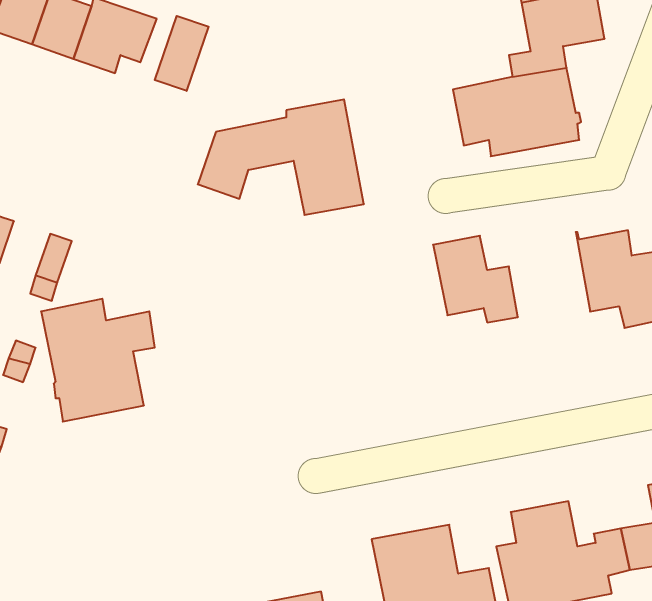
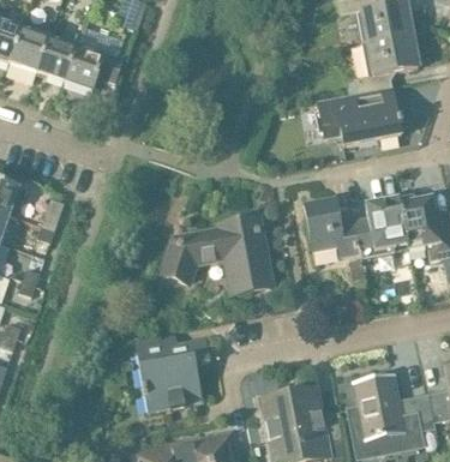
building: [155,16,209,91] -> none
building: [198,99,364,215] -> [161,216,271,293]
building: none -> [354,196,408,258]
building: [41,299,155,422] -> [133,329,209,410]

